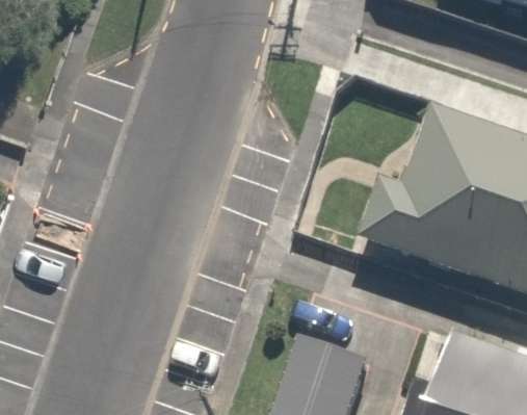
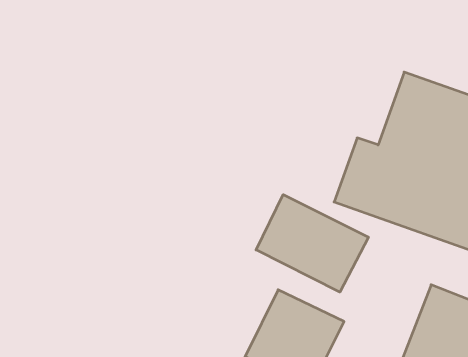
building: none -> [256,195,368,292]

